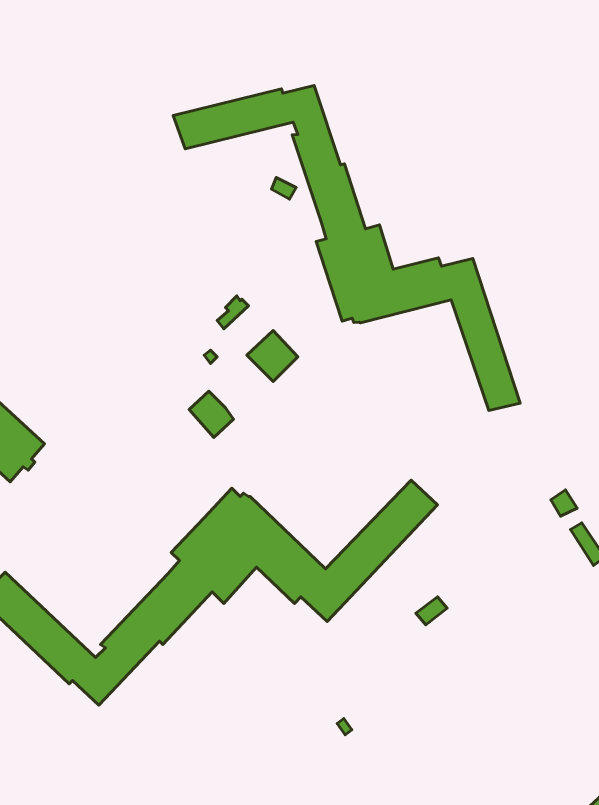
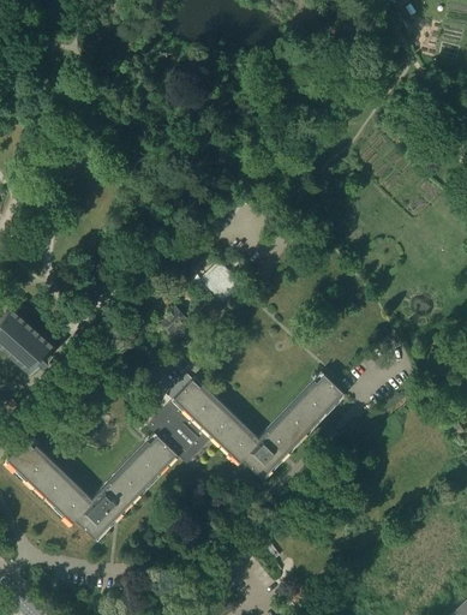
building: [173,85,520,411] -> none

